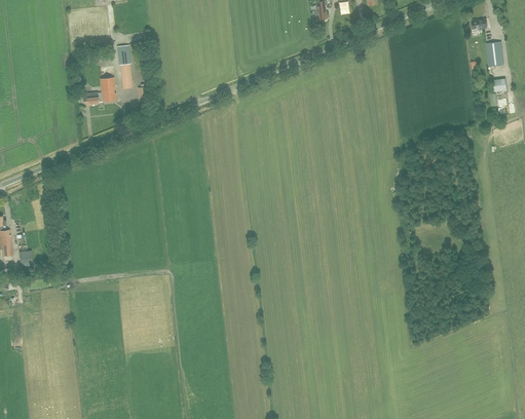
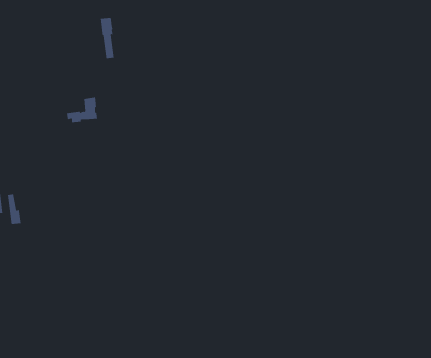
building: [82,77,116,105] -> [66,97,98,123]

